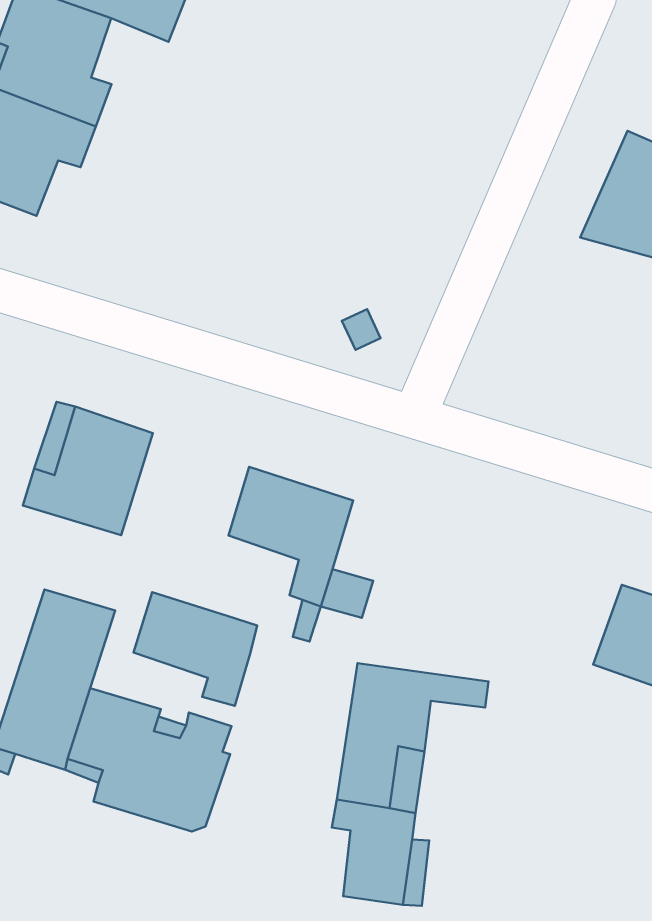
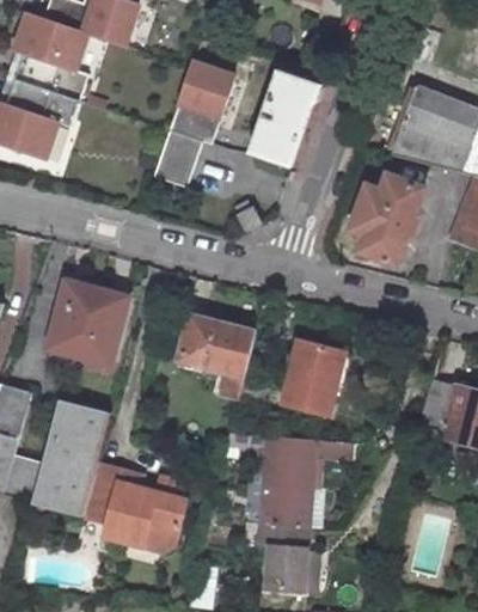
building: none -> [154,63,235,188]
building: none -> [250,67,326,165]
building: none -> [350,176,422,265]
building: none -> [281,339,343,414]
building: [134,592,257,706] -> none

